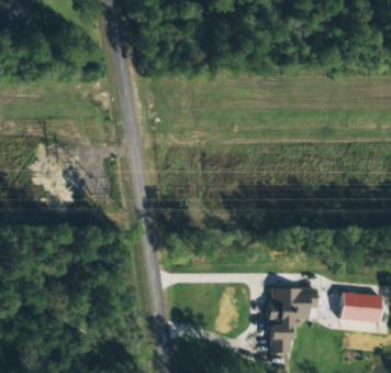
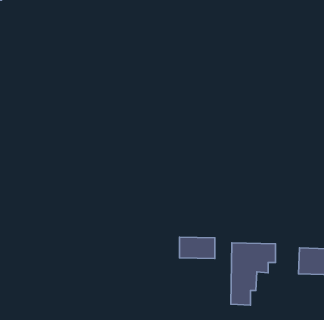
building: none -> [179,237,215,258]

